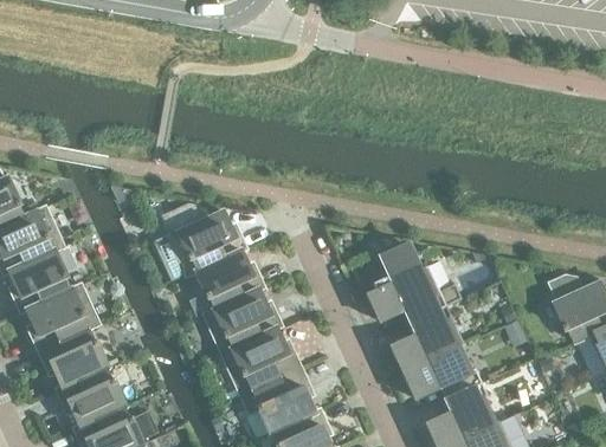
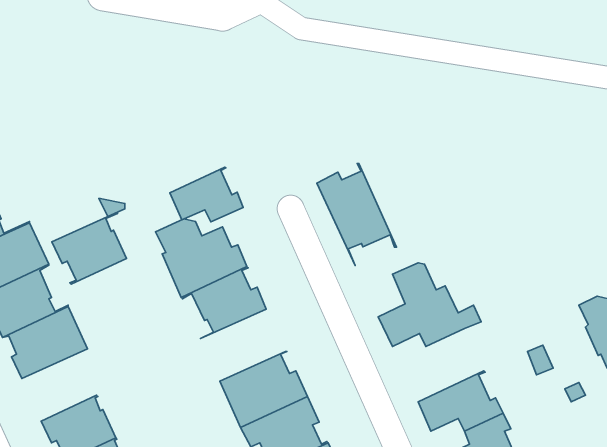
building: none -> [317,163,397,266]
building: none -> [170,167,243,222]
building: [204,287,282,354] -> none
building: [391,305,464,372] -> none
building: [39,324,108,390] -> [52,212,126,284]

